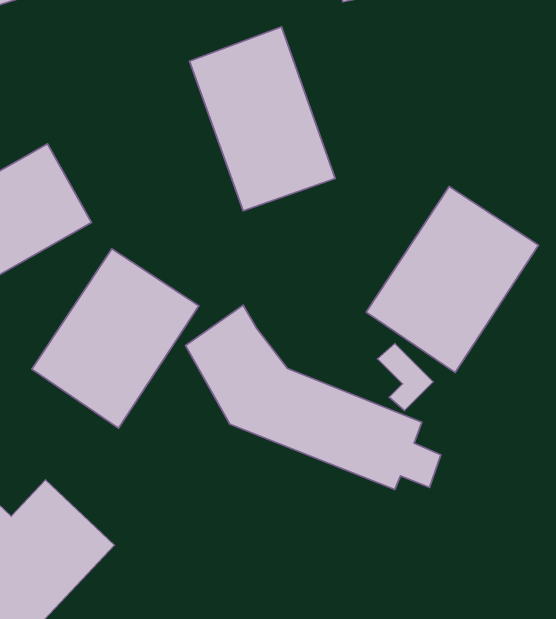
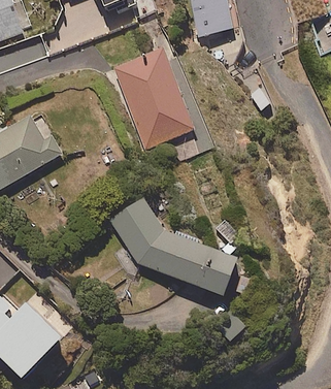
building: [366,187,538,372] -> none
building: [32,249,199,428] -> none

